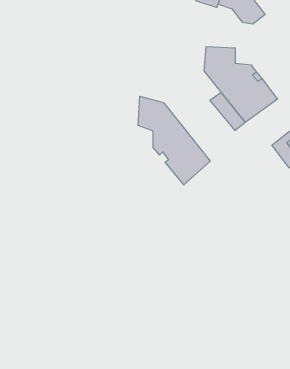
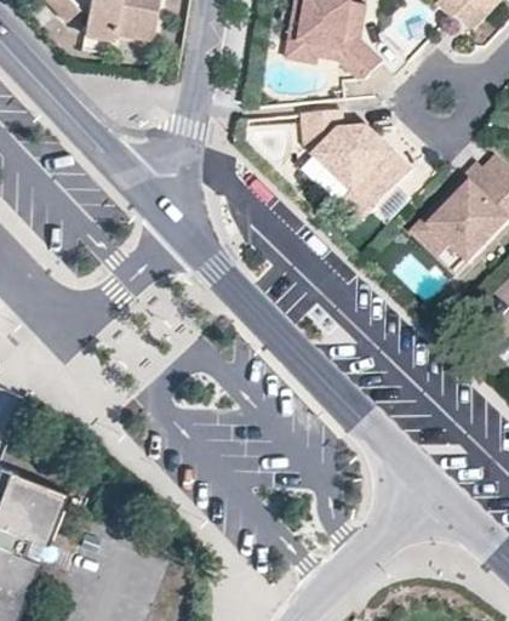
building: [138,96,210,185] -> none

